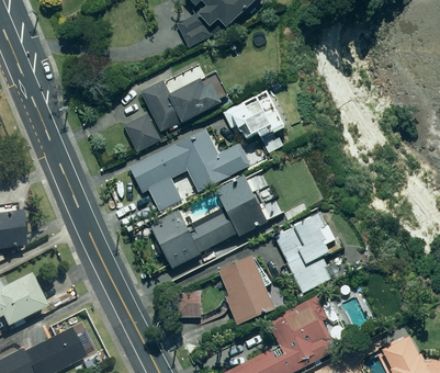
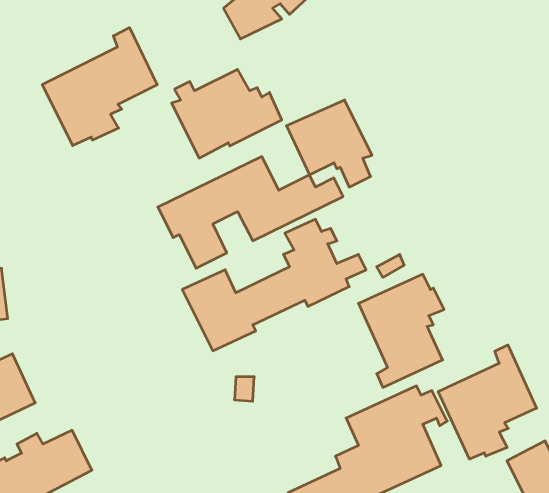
building: none -> [42,28,157,146]
building: [125,114,161,151] -> none
building: [219,255,274,325] -> none
building: none -> [438,345,537,459]

